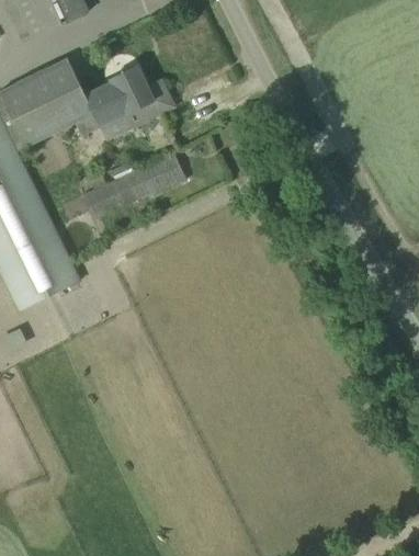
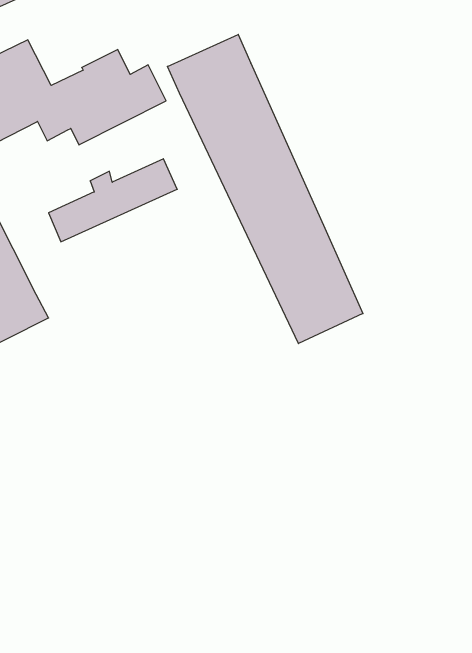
building: none -> [167,34,363,344]

